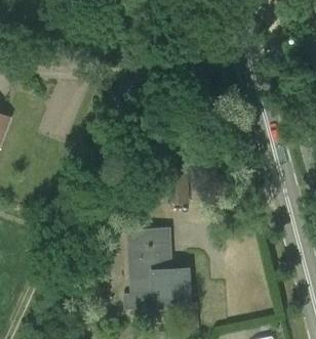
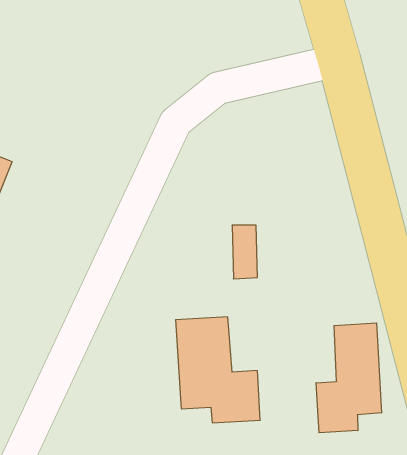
building: none -> [316,323,381,433]

